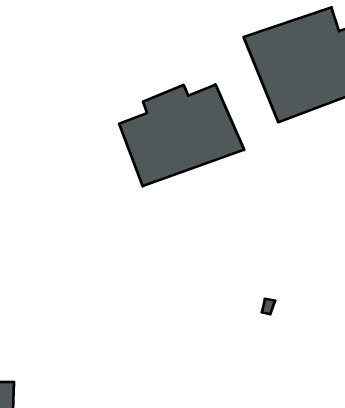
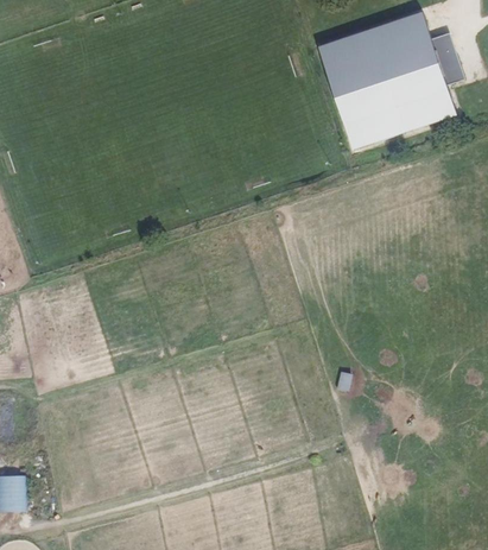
building: [119,84,244,186] -> none

